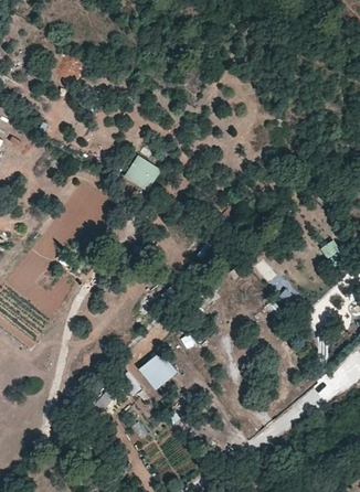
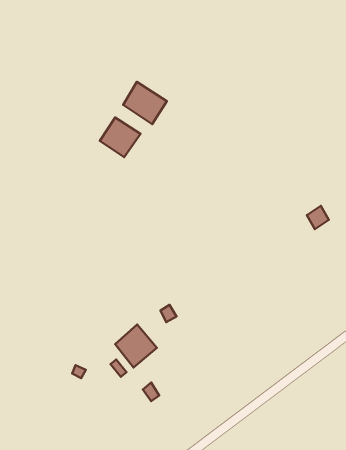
building: none -> [123,82,167,124]

